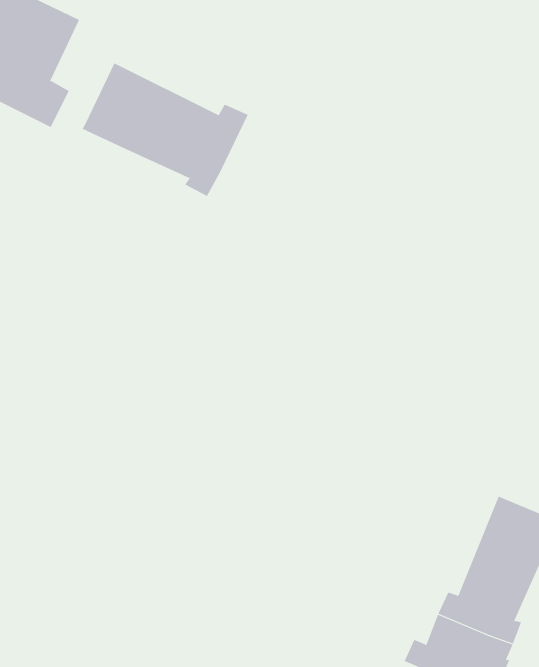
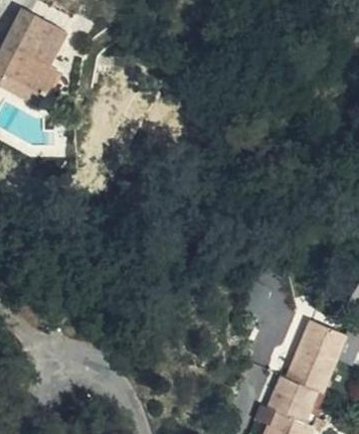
building: [82,63,248,197] -> none

